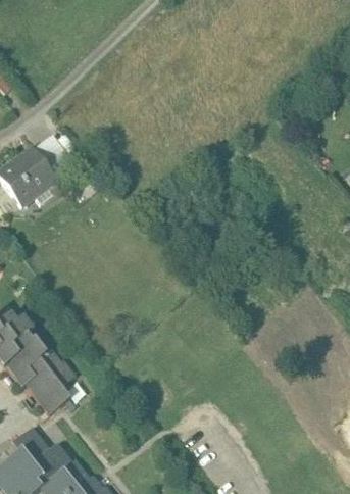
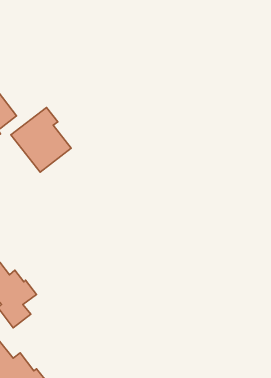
building: none -> [11,107,71,172]

